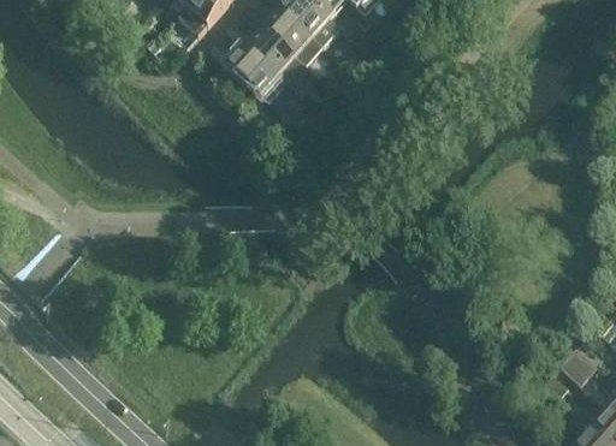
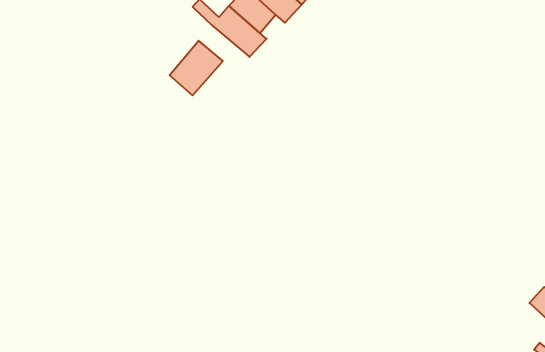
building: none -> [170,41,223,95]

